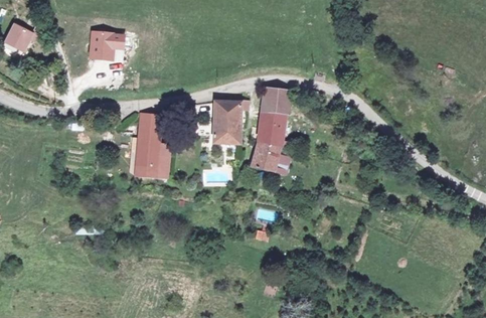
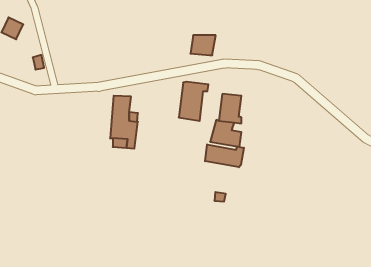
building: [88,27,126,58] -> none
building: [264,93,293,116] -> [190,35,216,55]
building: none -> [205,144,244,167]

